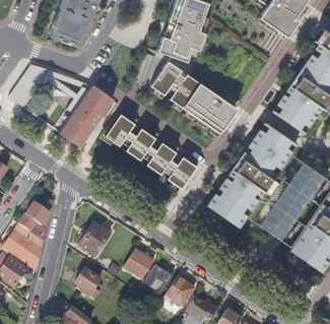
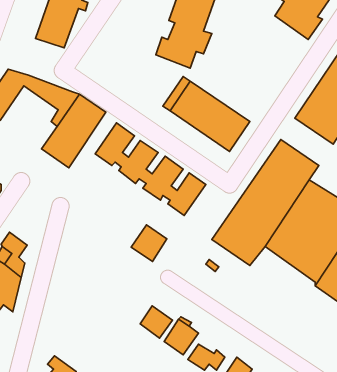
building: [150,61,181,94] -> none
building: [78,222,111,256] -> none
building: [125,248,155,279] -> [131,225,167,262]
building: [72,268,98,301] -> none

